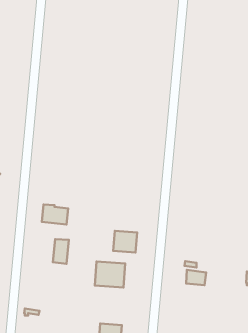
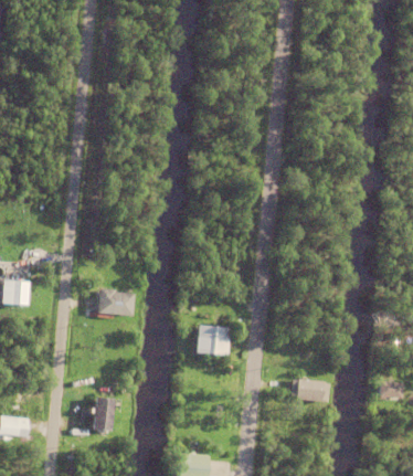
building: [53,239,69,264] -> [93,399,115,433]
building: [95,261,125,288] -> none

